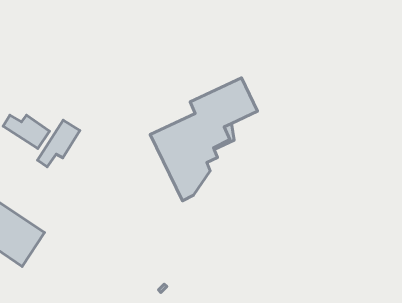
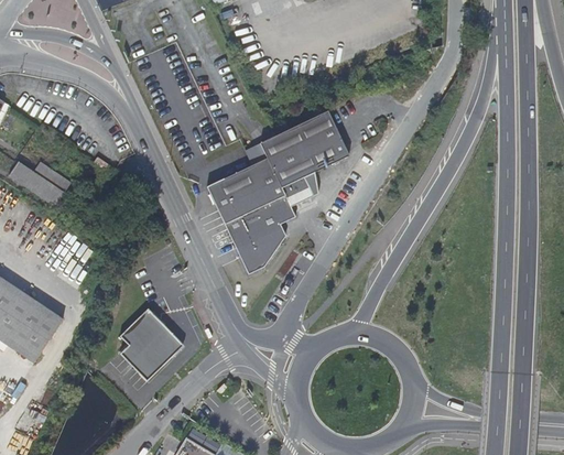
building: [37,120,80,167] -> none
building: none -> [118,310,183,382]

